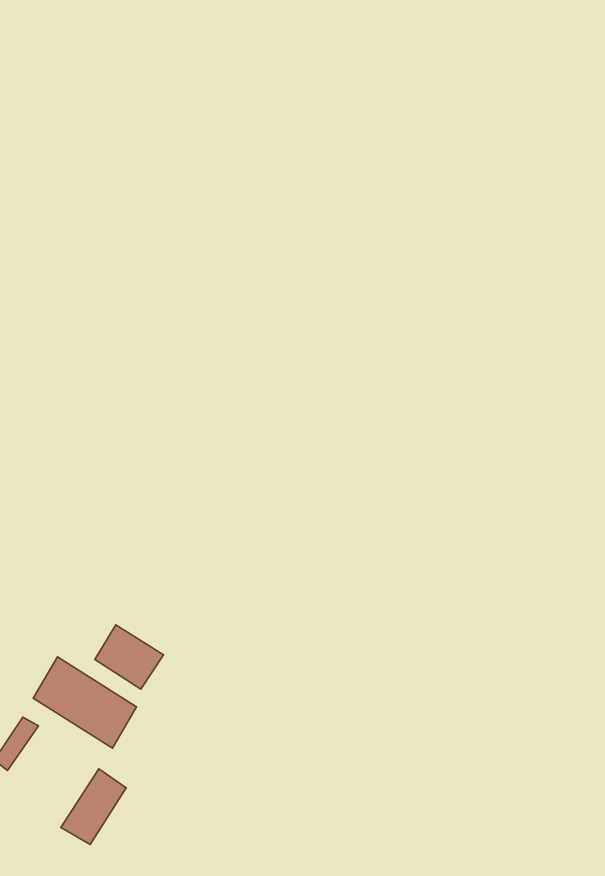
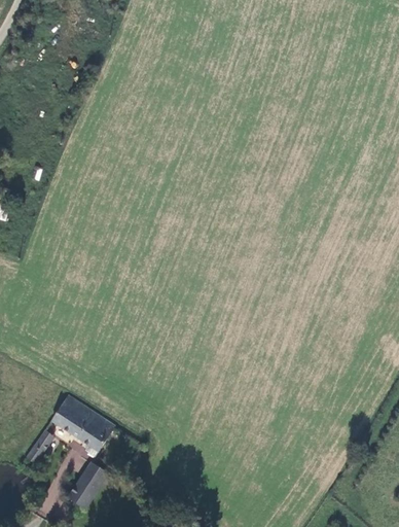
building: [95,625,164,689] -> none

